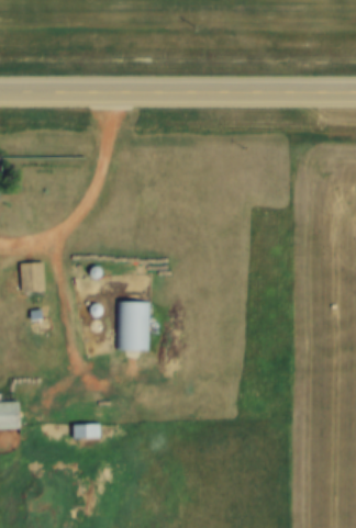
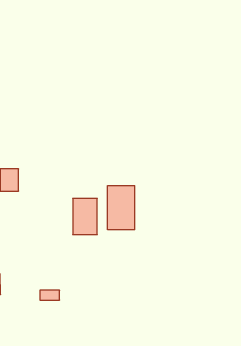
building: none -> [108,186,135,230]

